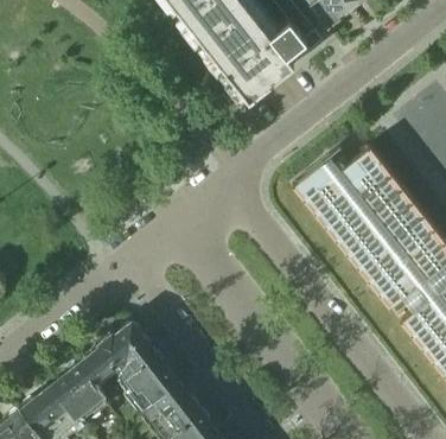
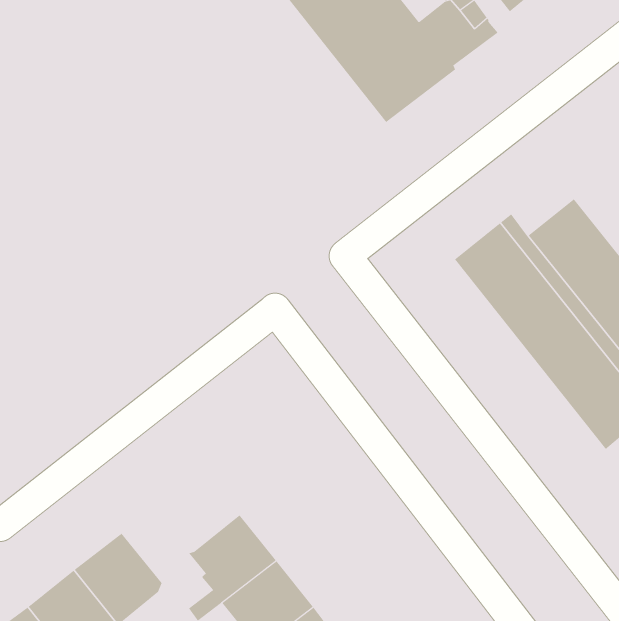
building: [83,323,155,377] -> none

